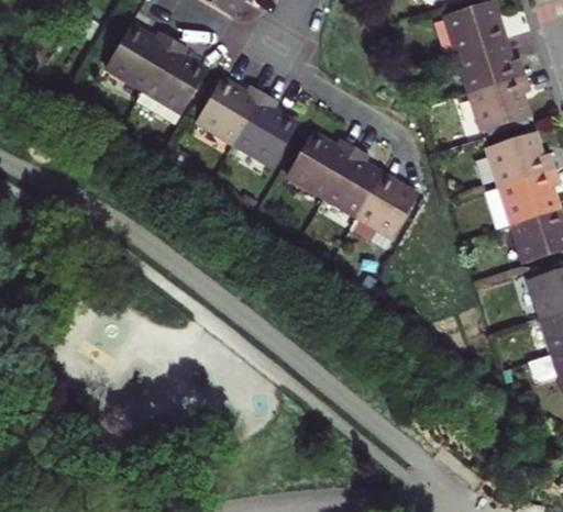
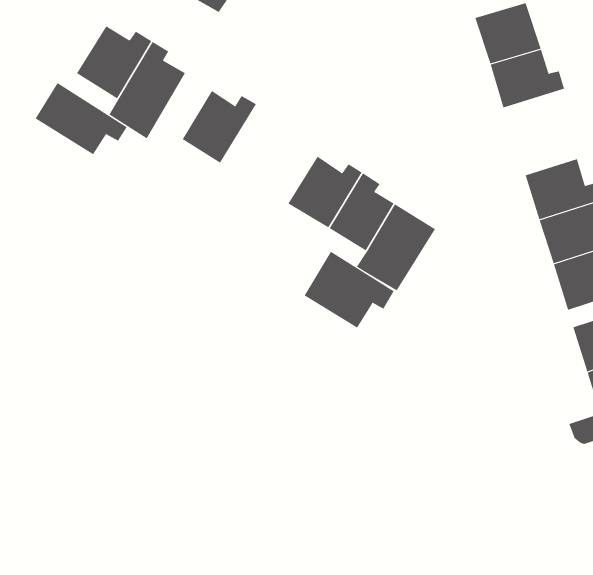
building: none -> [35,82,127,155]
building: [472,77,530,133] -> none
building: [231,90,292,163] -> none
building: none -> [304,251,395,328]

